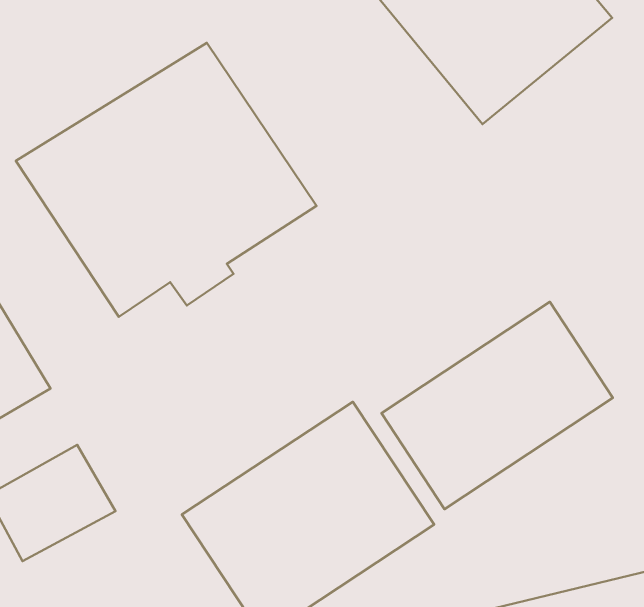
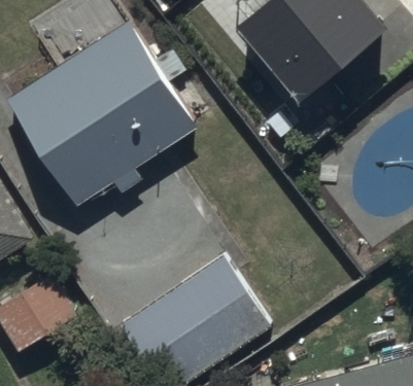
building: [381,302,613,509] -> none

